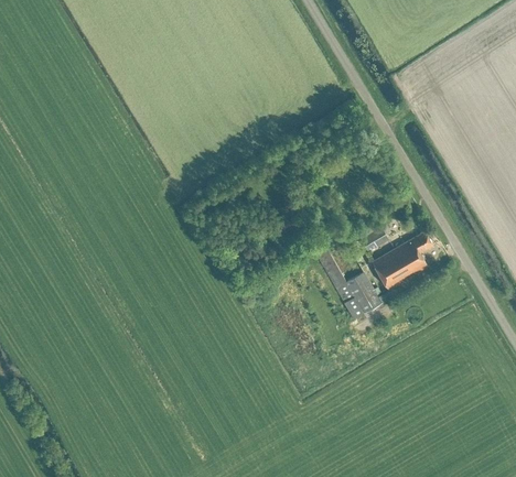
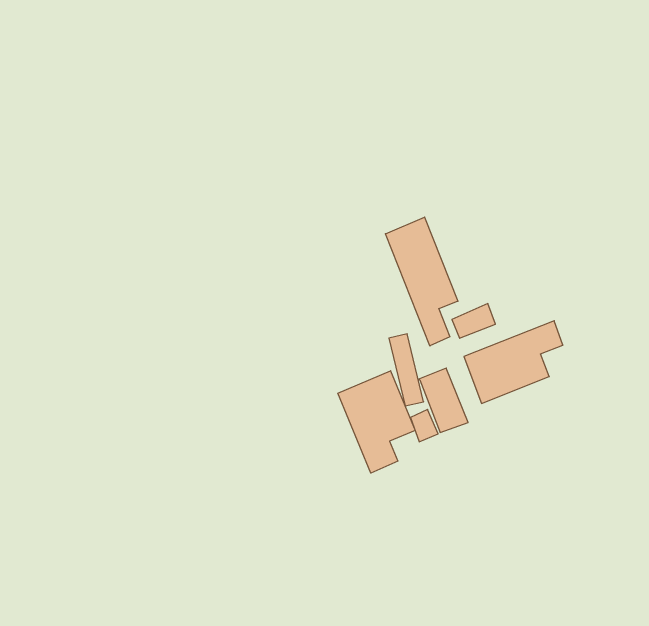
building: none -> [385,217,458,346]
building: none -> [338,371,415,473]

